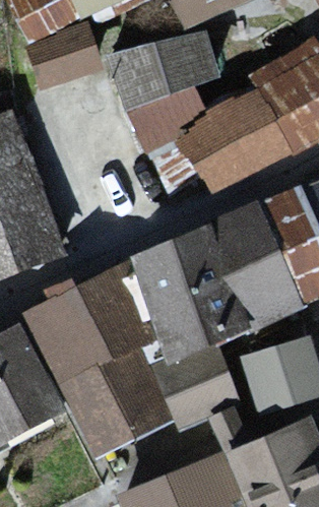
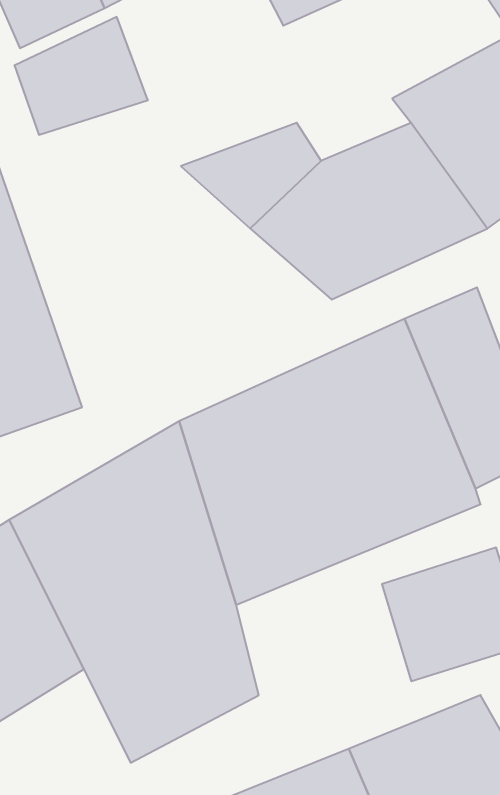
building: [110,28,217,112] -> none
building: [156,344,243,430] -> none

